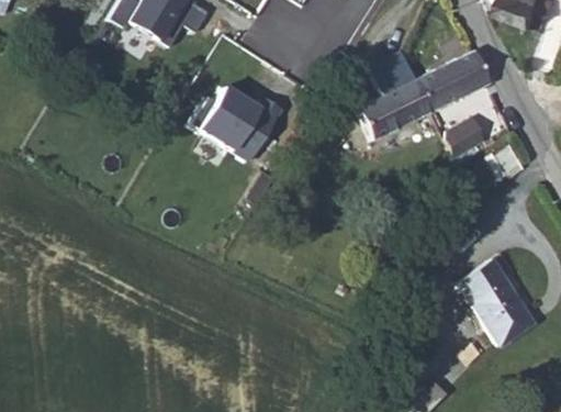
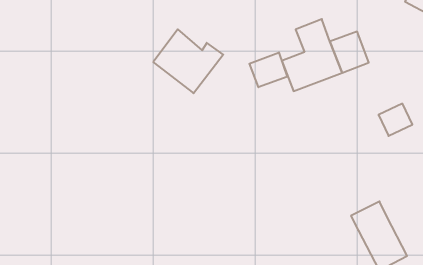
building: [445,46,490,96] -> none
building: none -> [249,52,287,87]
building: [444,115,489,159] -> none

